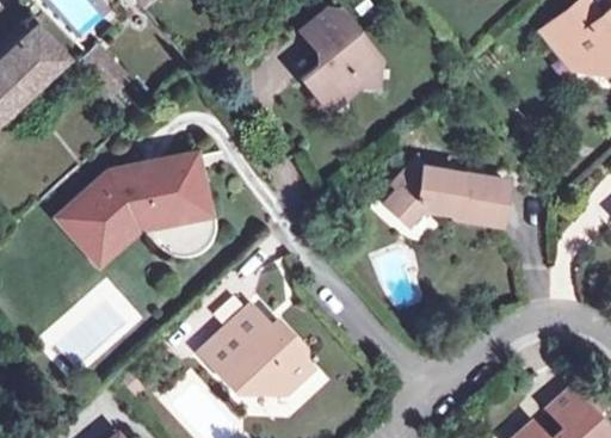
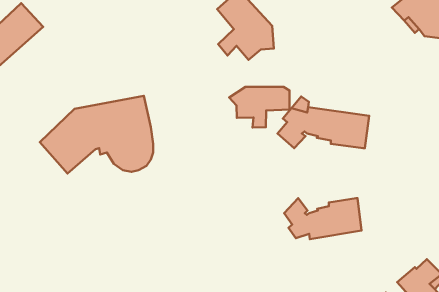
building: none -> [229,87,289,128]
building: none -> [284,198,361,239]
building: [198,303,313,395] -> none

